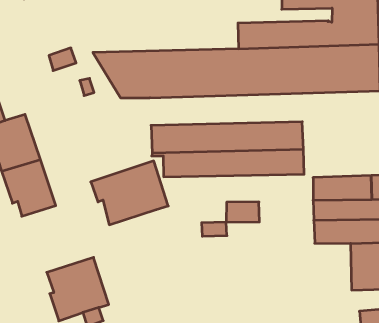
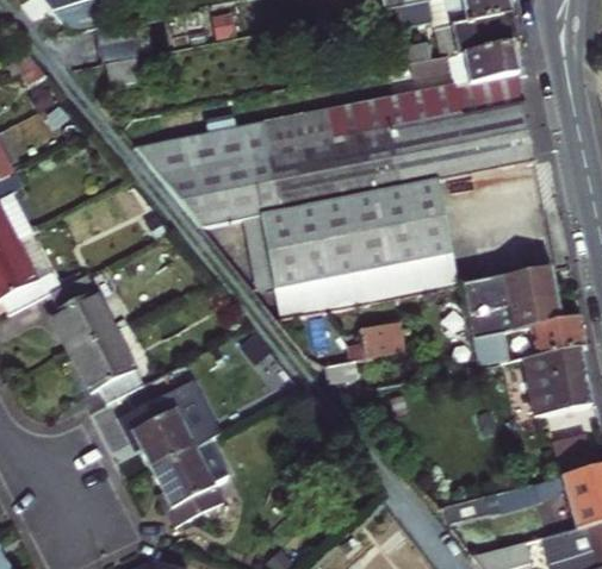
building: none -> [137,107,342,174]
building: none -> [241,182,437,254]
building: [91,161,168,225] -> [114,370,217,459]

